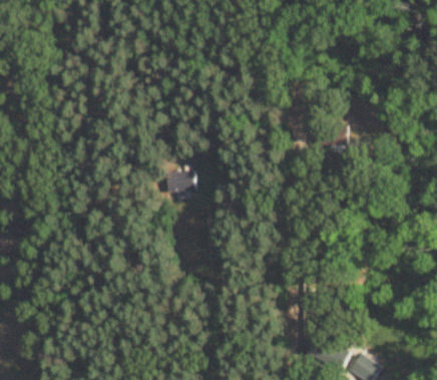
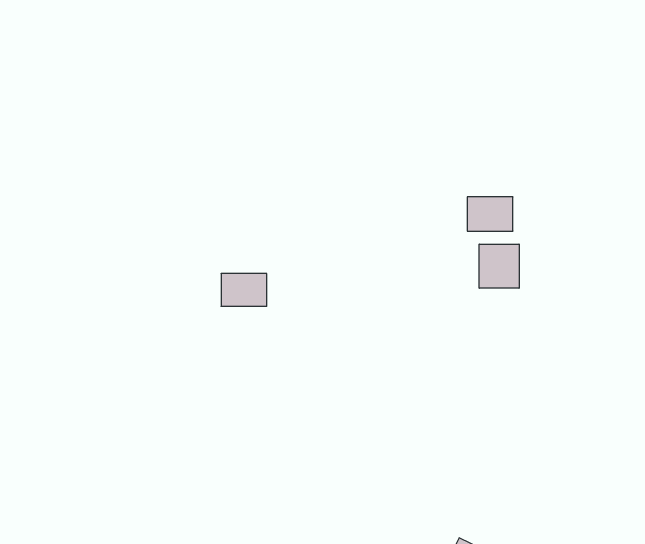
building: none -> [479,244,519,288]

